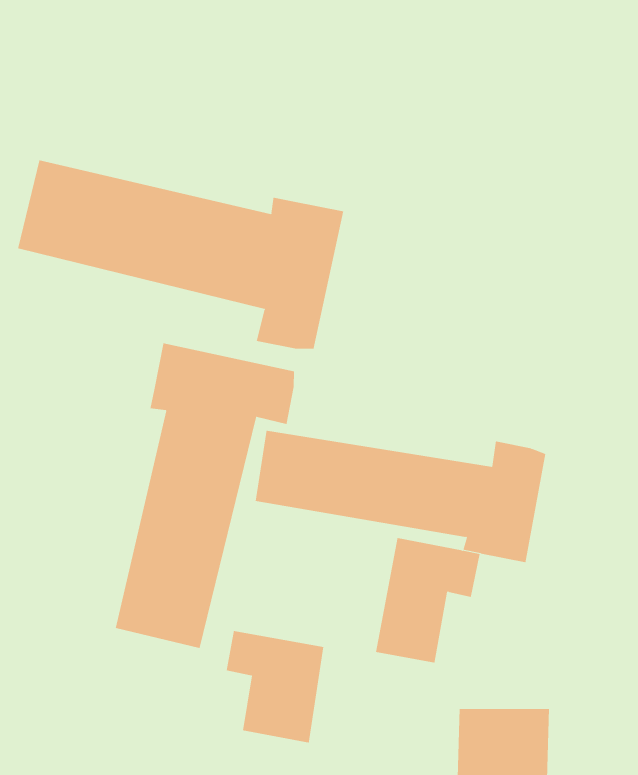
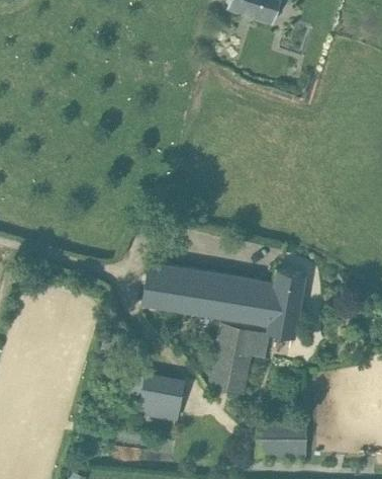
building: [18,160,344,350] -> none
building: [115,343,294,649] -> none

